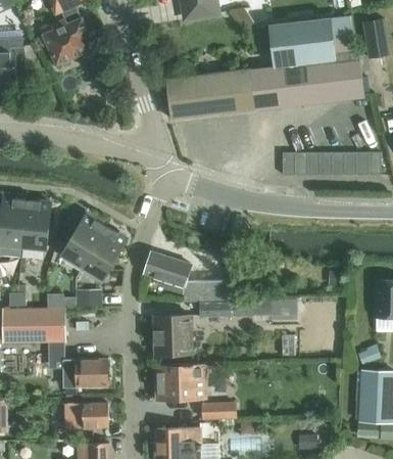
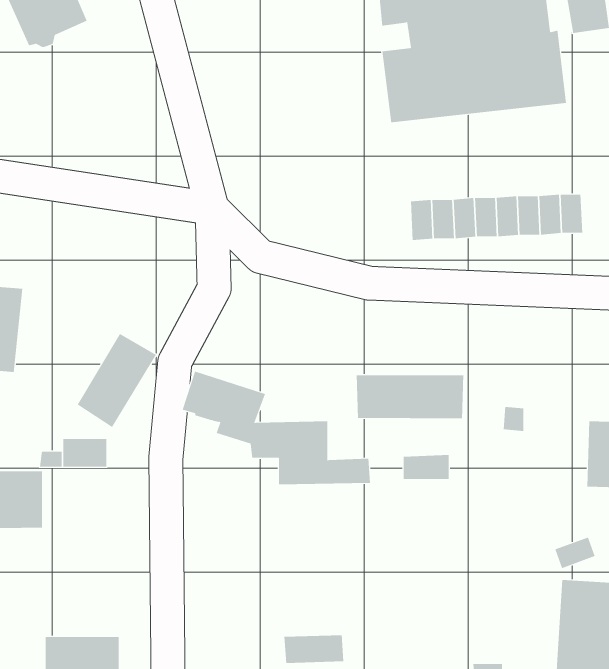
building: [165,68,262,121] -> none
building: [53,217,107,271] -> none
building: none -> [356,374,464,419]
building: [153,316,192,355] -> none
building: [61,360,107,389] -> none
building: [154,364,206,401] -> none

